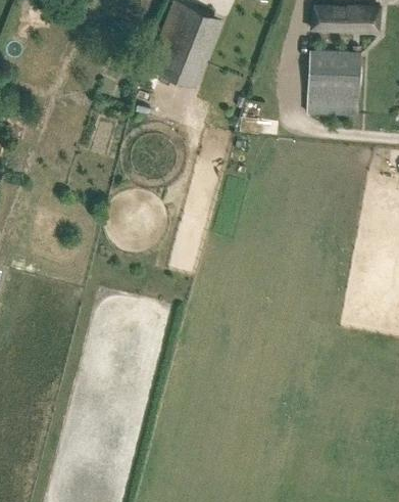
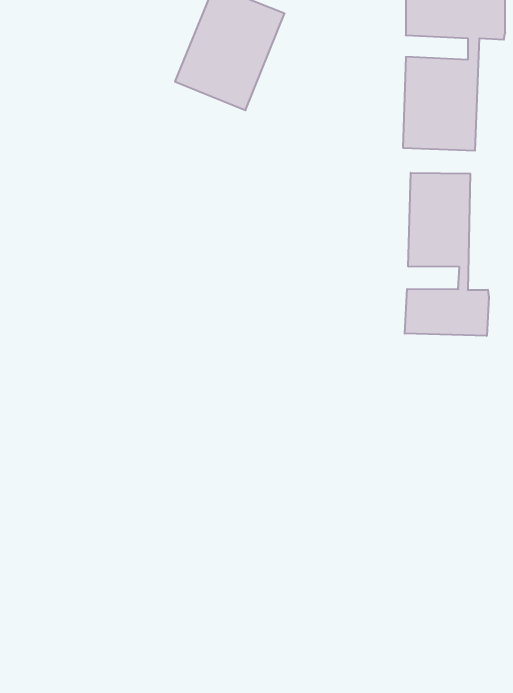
building: none -> [405,173,489,336]

